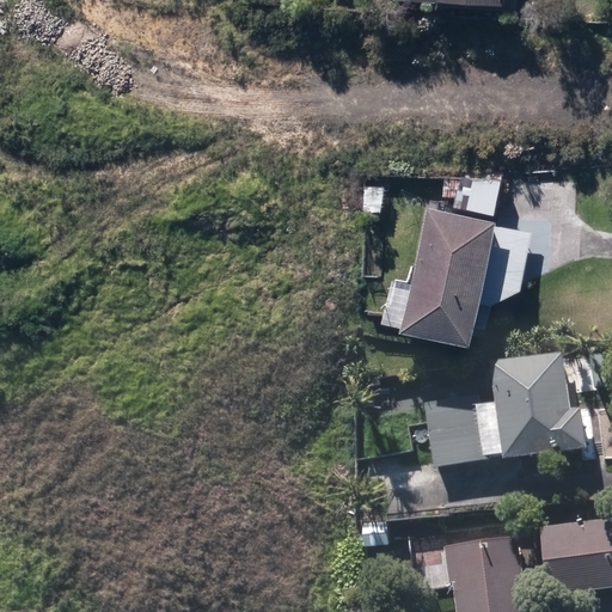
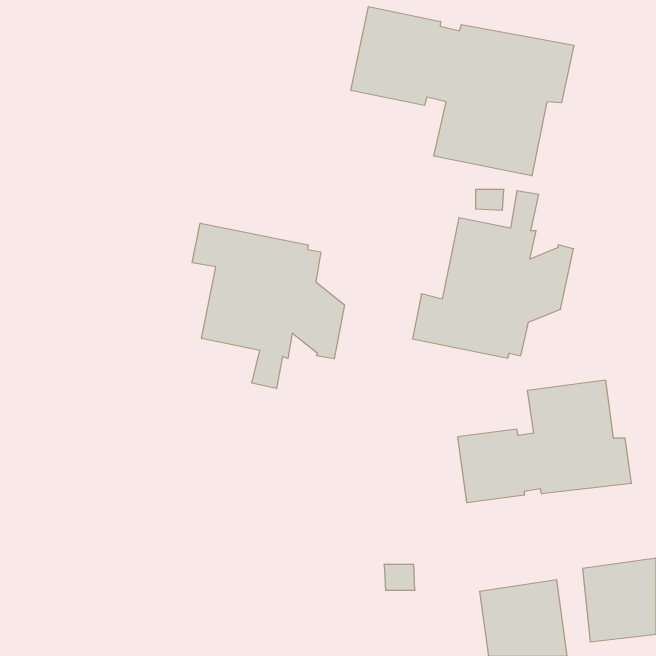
building: none -> [351,7,574,176]
building: none -> [192,223,345,389]

